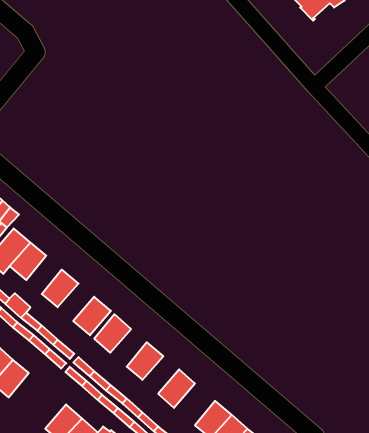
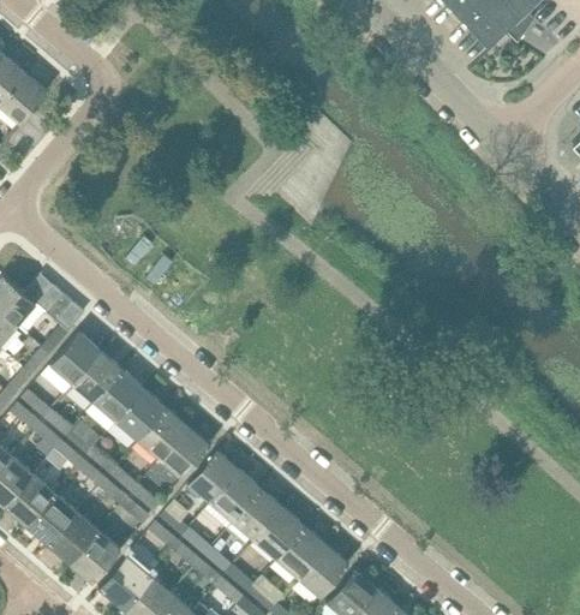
building: none -> [94,369,143,422]
building: none -> [137,407,187,459]
building: none -> [209,470,259,521]
building: none -> [253,507,304,559]
building: none -> [70,530,120,583]
building: none -> [97,544,156,607]
building: none -> [297,544,348,597]

